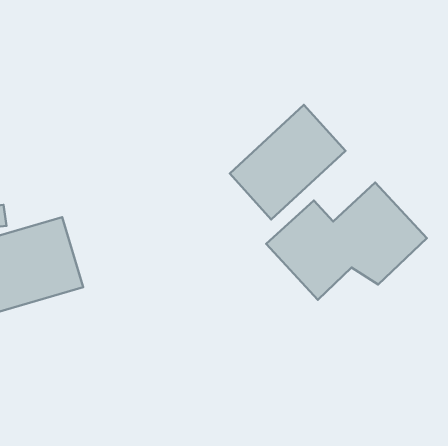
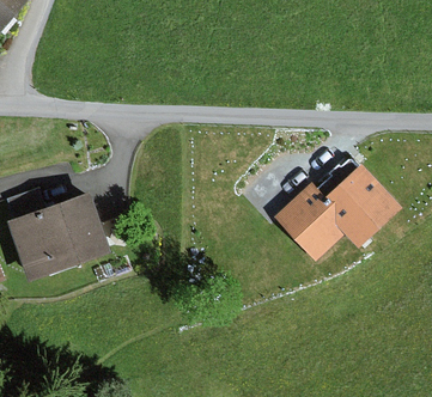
building: [230,105,346,219] -> none

